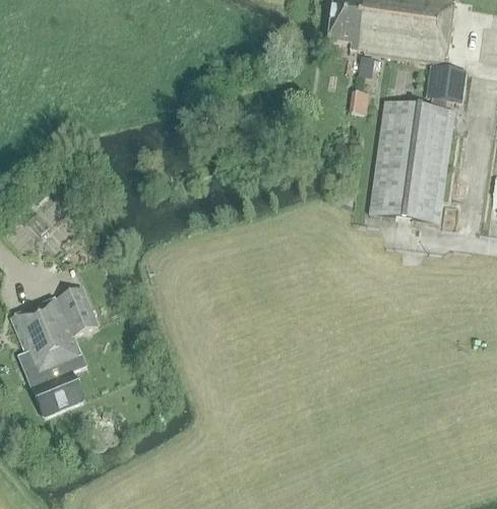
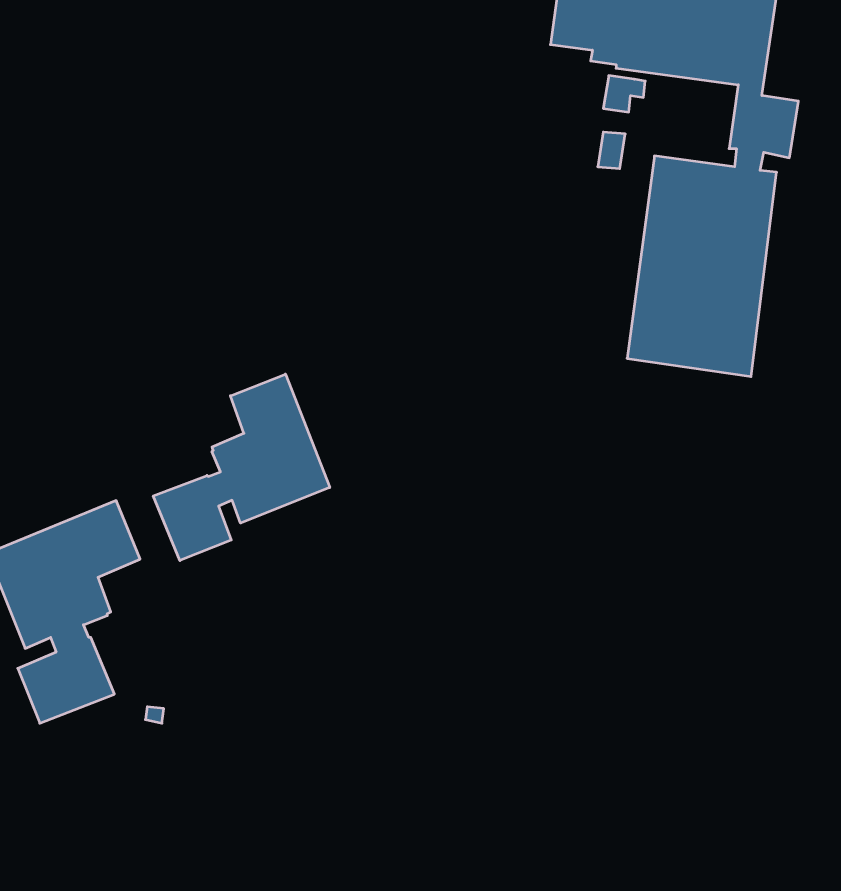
building: none -> [153,374,330,561]

